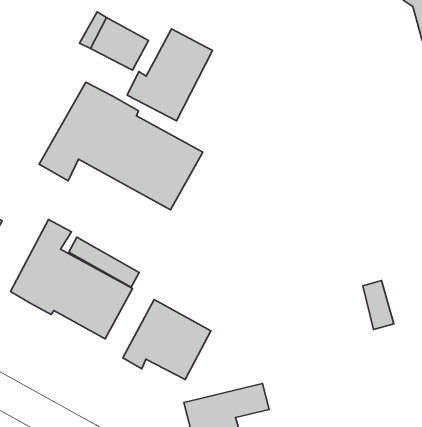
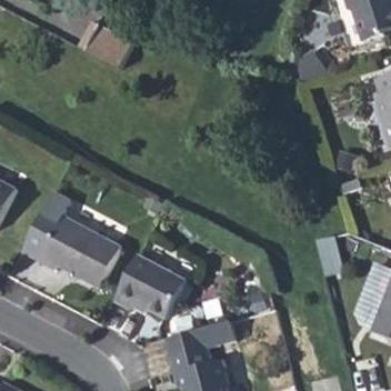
building: [127,29,212,121] -> none
building: [39,82,203,210] -> none

